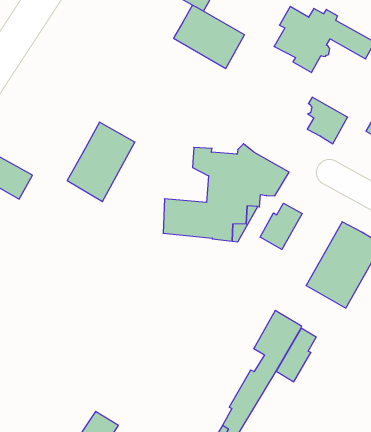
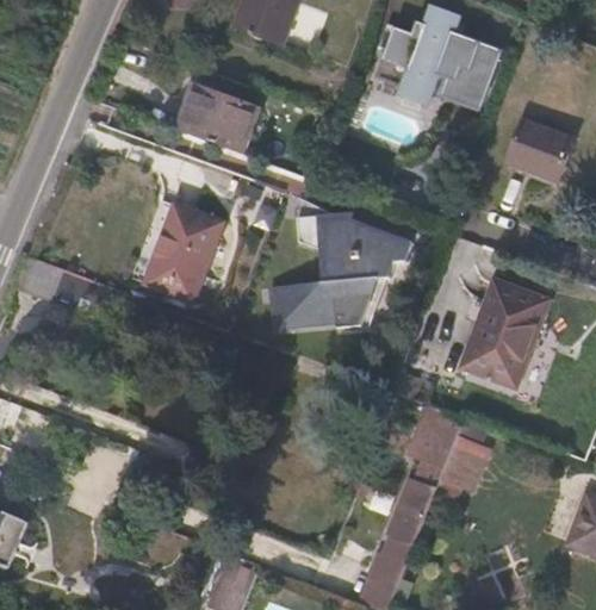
building: [174,5,244,68] -> [172,82,259,154]
building: [307,97,348,144] -> [440,56,491,110]
building: [260,203,302,249] -> none

